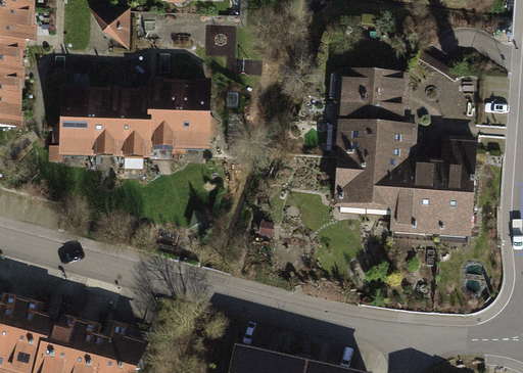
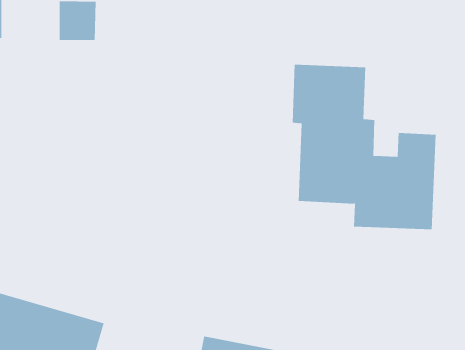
building: [59,79,208,155] -> none

